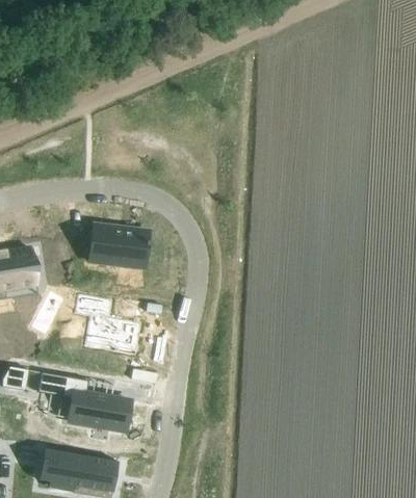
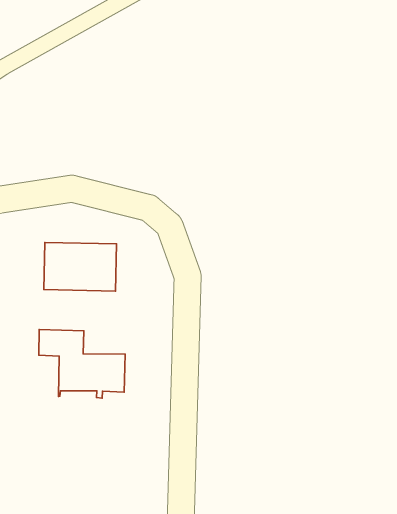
building: [37,372,131,429] -> none

